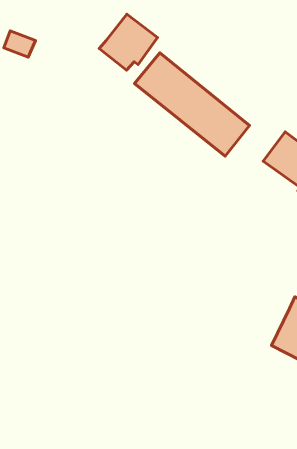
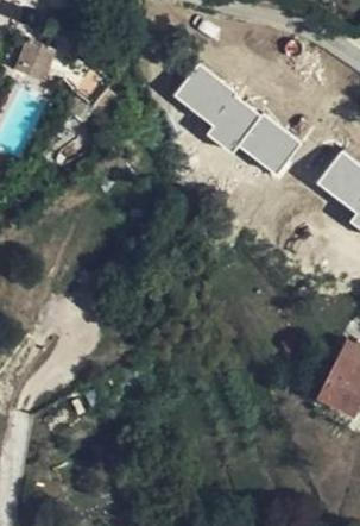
building: [99,14,157,70] -> none

